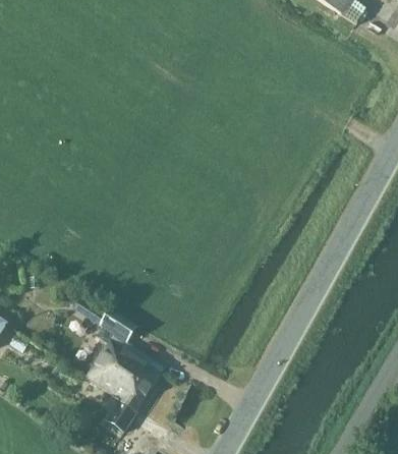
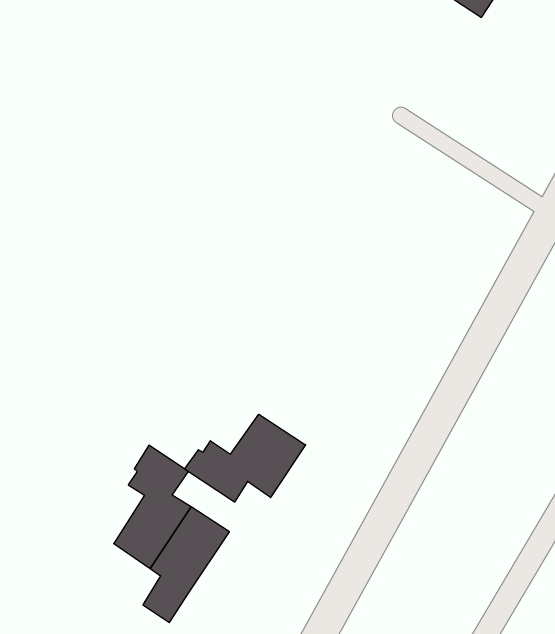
building: none -> [184,414,306,502]

